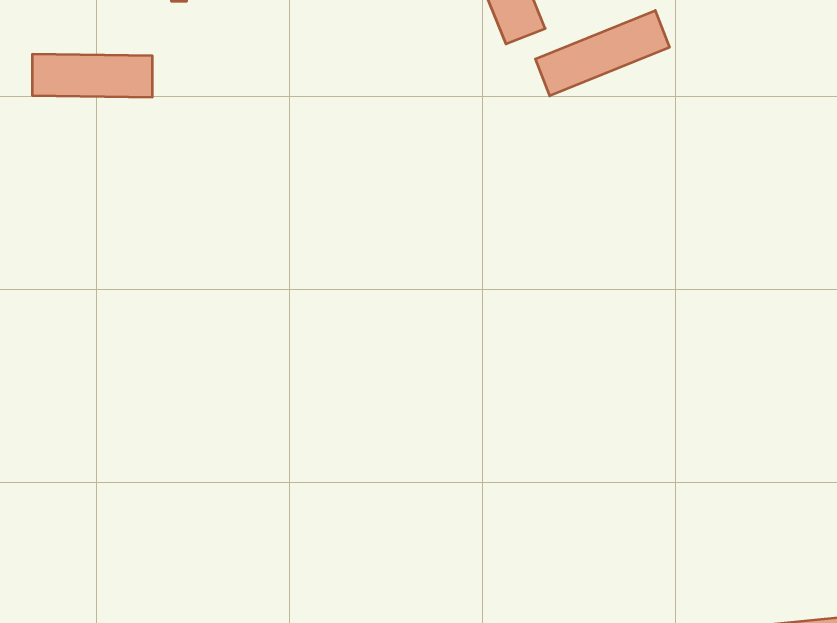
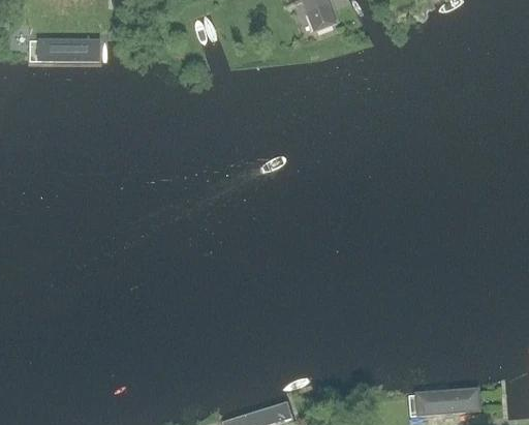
building: [535,10,669,96] -> none

